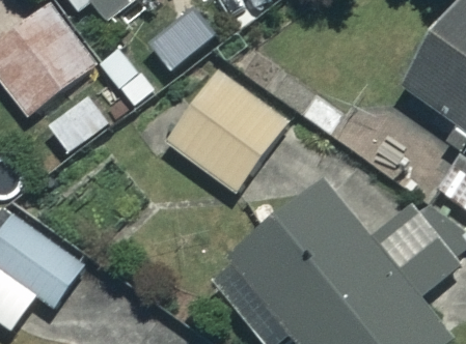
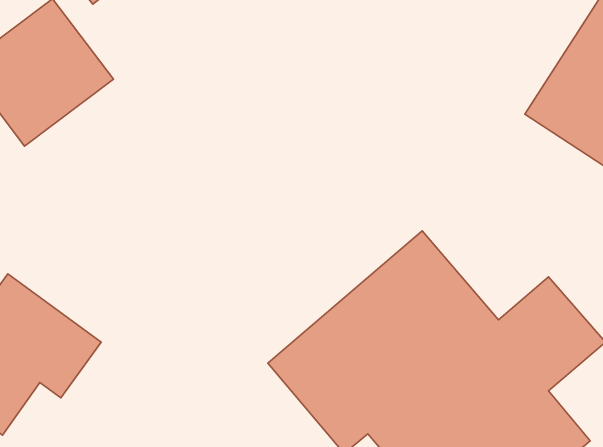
building: [166,71,284,191] -> none

